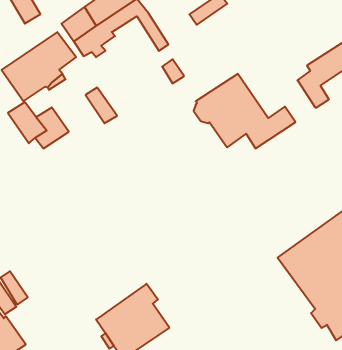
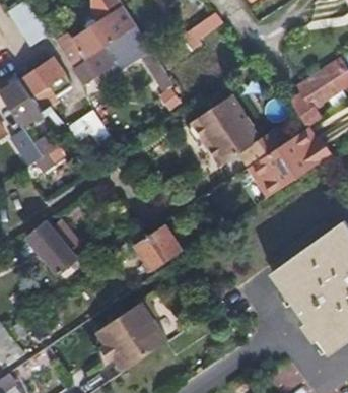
building: none -> [249,128,328,197]
building: none -> [26,215,77,276]
building: none -> [133,225,182,273]

